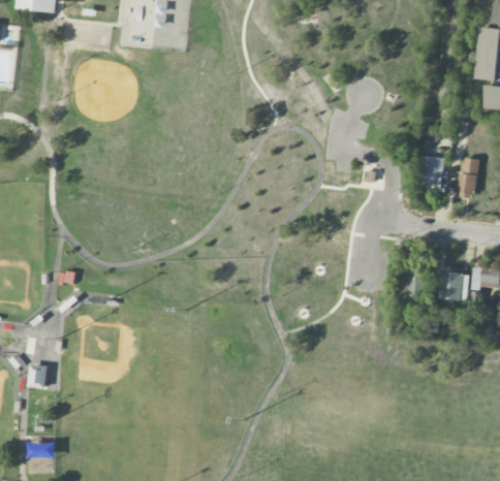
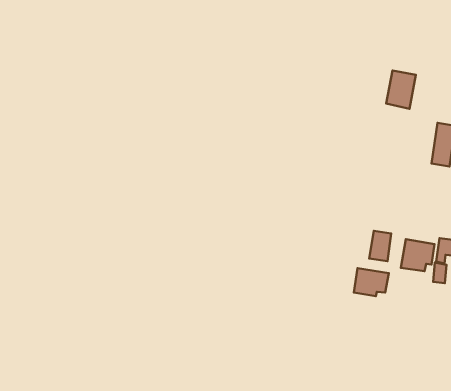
building: [417,156,443,191] -> [386,70,416,109]
building: none -> [354,268,389,296]

